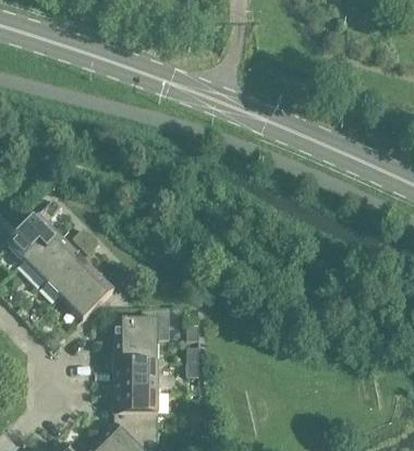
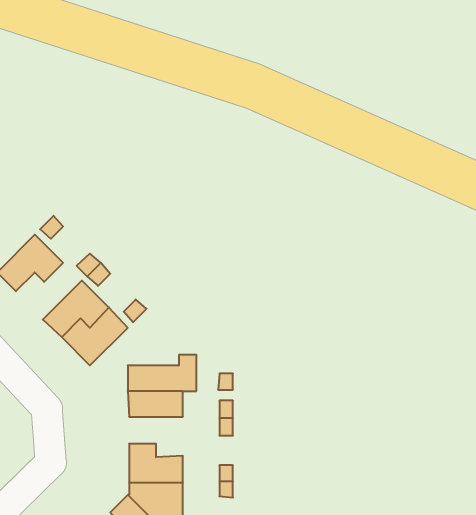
building: [22,235,75,281] -> none
building: [113,359,157,392] -> none

